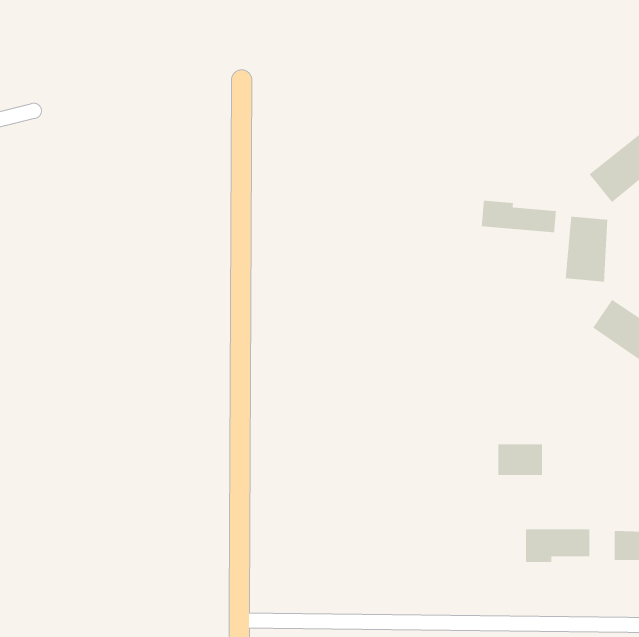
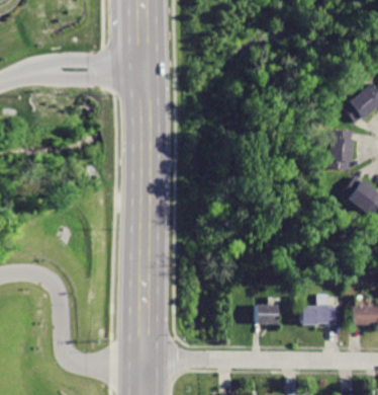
building: [481,200,557,233] -> none
building: [498,443,543,476] -> [257,306,282,324]

